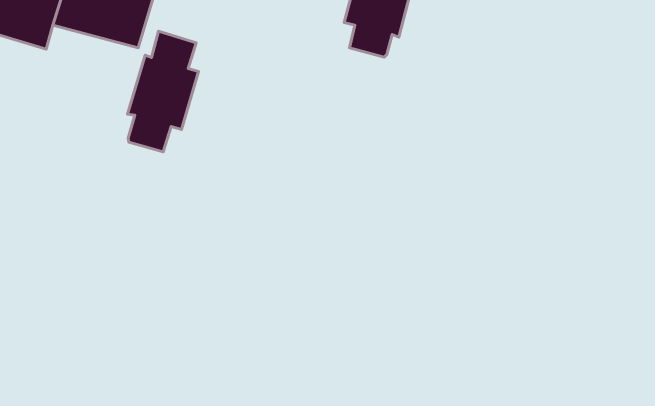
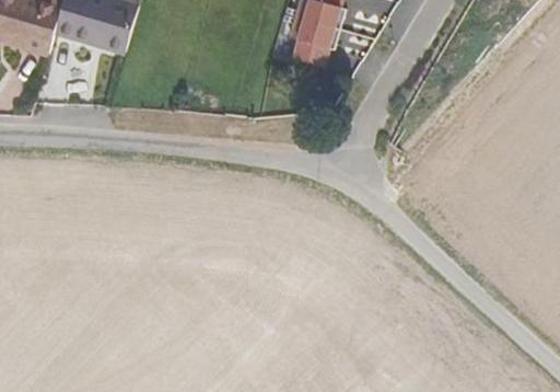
building: [128,31,198,152] -> none

